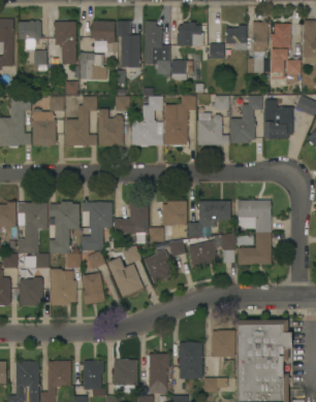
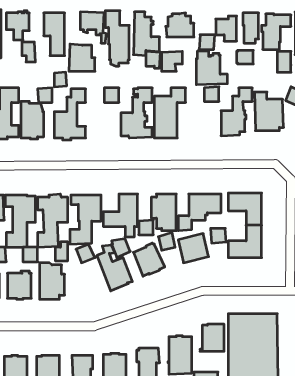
building: [97,109,123,146] -> none
building: [197,112,228,145] -> [196,51,227,85]
building: [82,272,104,304] -> none

